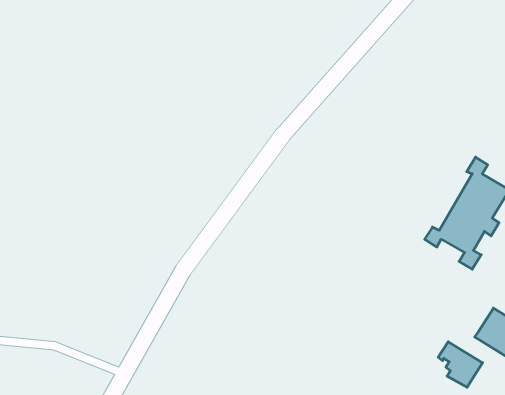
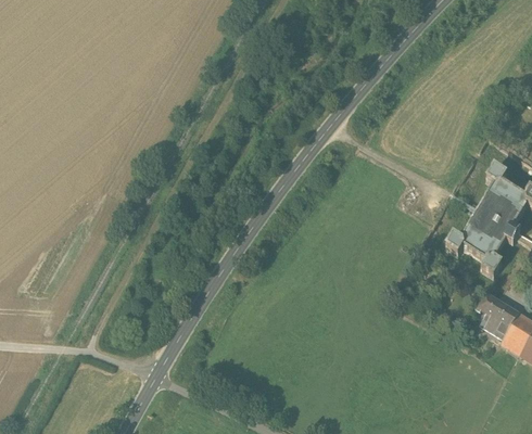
building: [438,342,483,387] -> [473,293,517,337]

